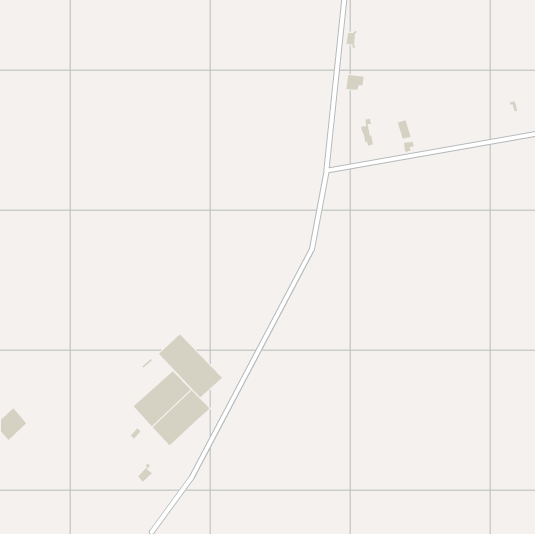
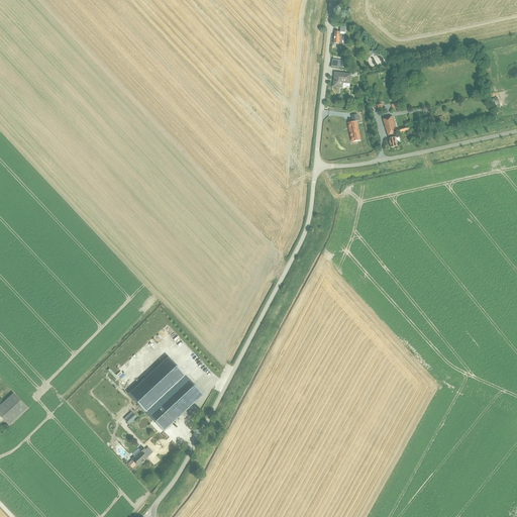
building: [158,333,223,398] -> none

